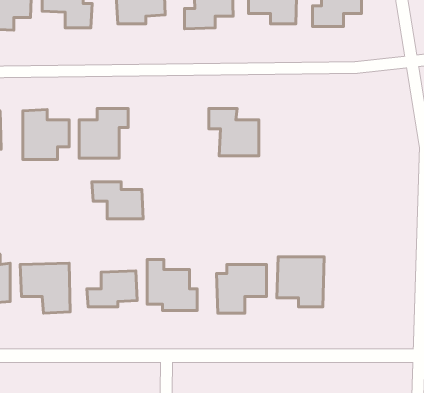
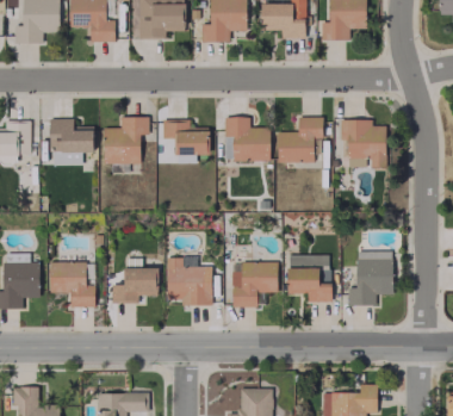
building: none -> [278,117,323,162]
building: none -> [340,119,386,167]
building: [92,182,143,219] -> [162,120,210,155]
building: none -> [348,252,393,305]

